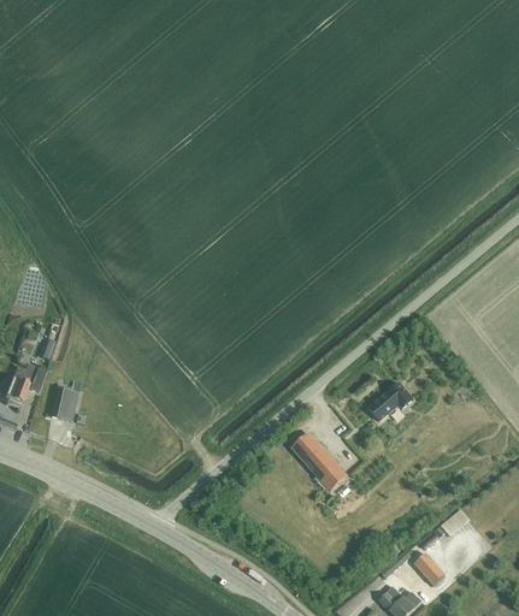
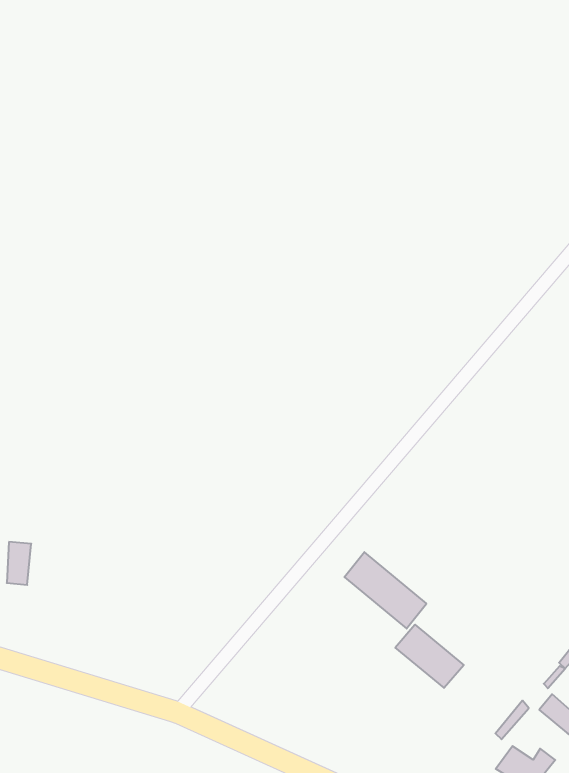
building: [368,381,413,420] -> none
building: none -> [395,625,464,688]

